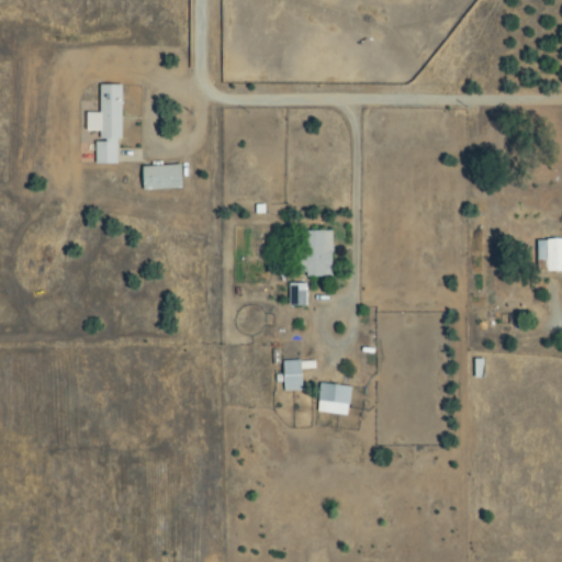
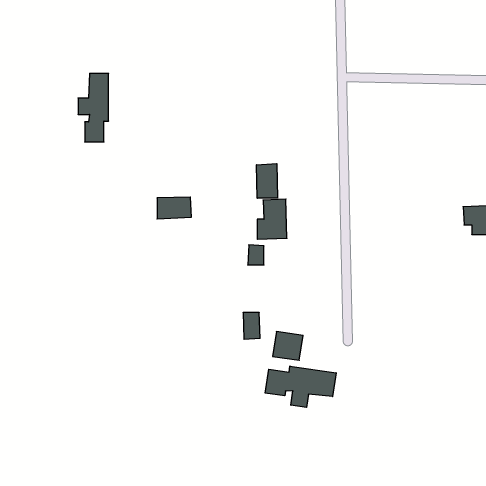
building: [147,165,187,190] -> [157,197,191,219]
building: none -> [257,164,278,198]
building: none -> [265,366,336,407]

